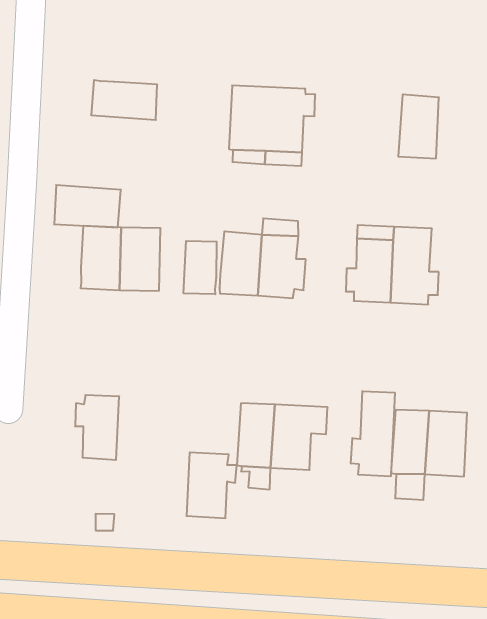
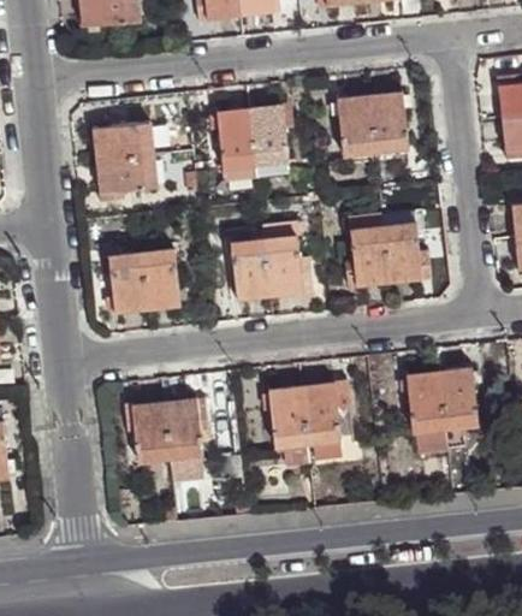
building: none -> [337,96,374,154]
building: [54,185,121,227] -> [97,153,158,192]
building: [184,241,217,294] -> none
building: [351,391,395,476] -> none
building: [186,452,237,518] -> [161,398,206,458]

